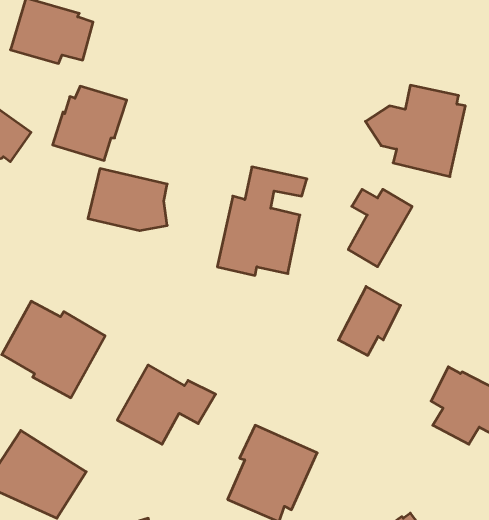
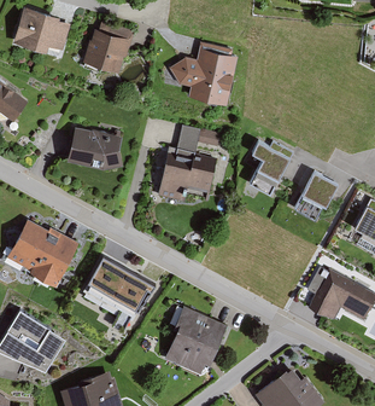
building: [365,85,465,177] -> [168,41,238,105]
building: [53,86,127,160] -> [82,21,134,72]
building: [338,286,401,355] -> [294,170,338,219]

